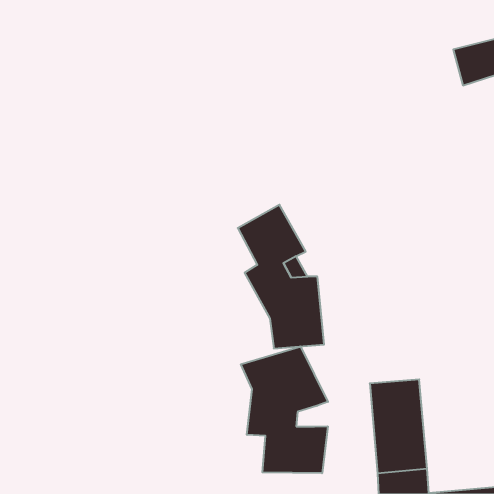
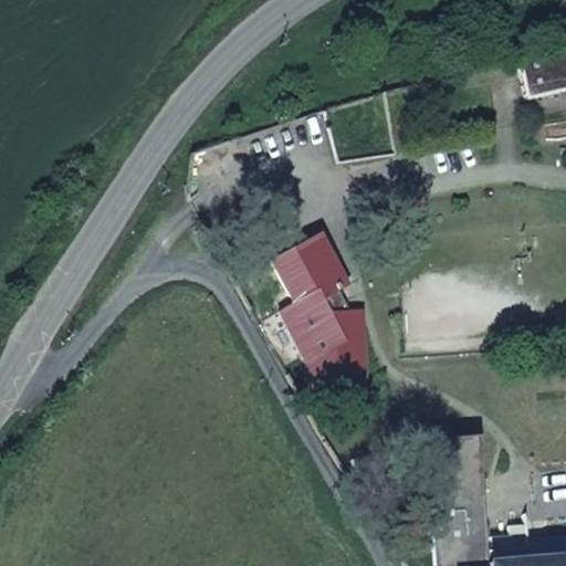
building: [241,346,328,473] -> none

